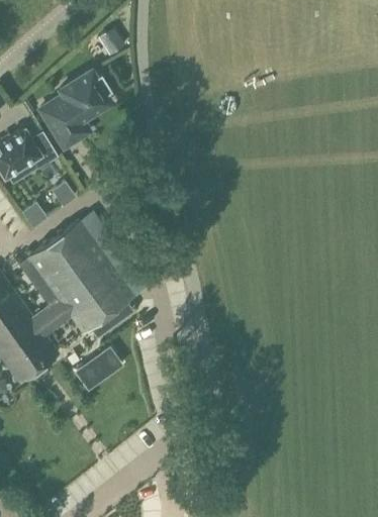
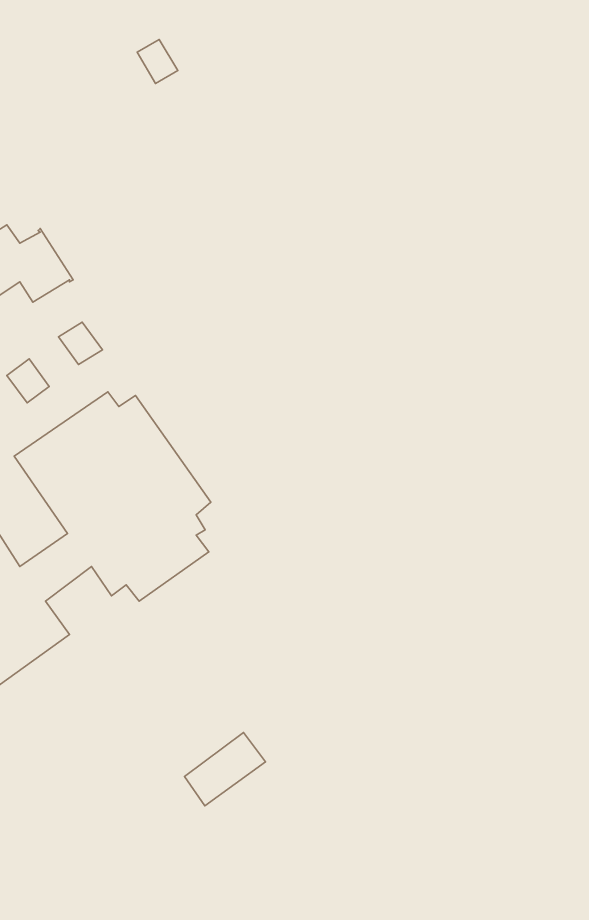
building: [38,72,110,148] -> none
building: [76,349,120,390] -> [185,732,265,806]

